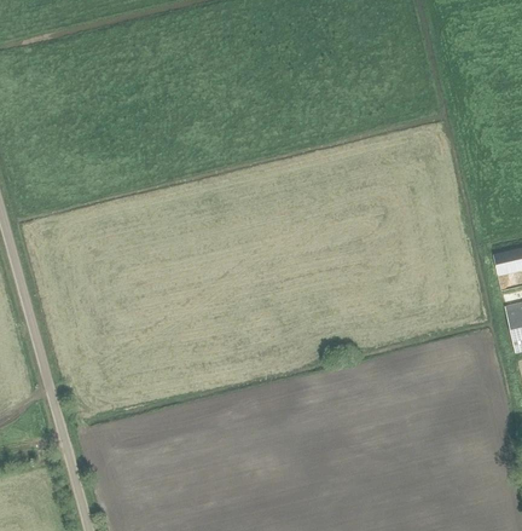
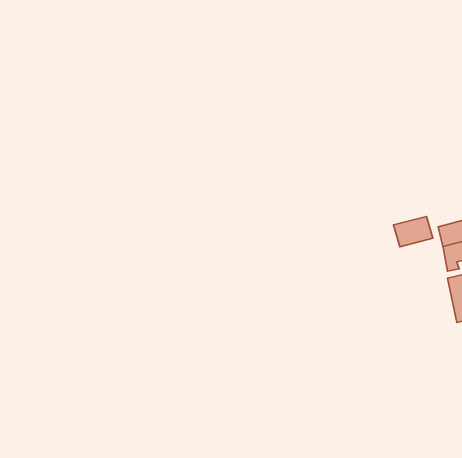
building: none -> [393,216,433,247]

